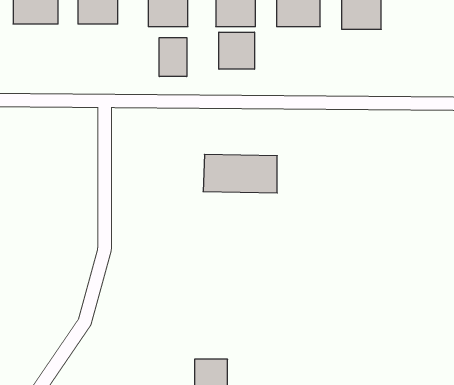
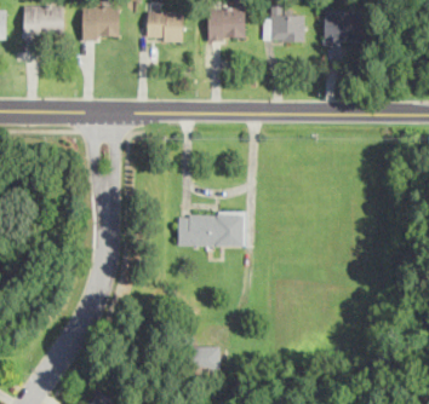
building: [219,32,254,69] -> none
building: [159,38,187,77] -> none
building: [203,154,277,193] -> [177,213,245,248]

